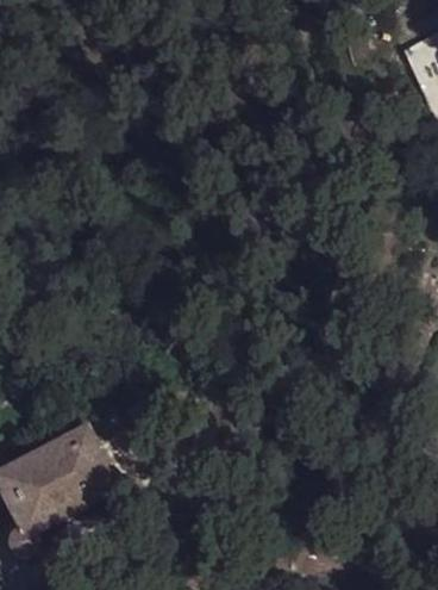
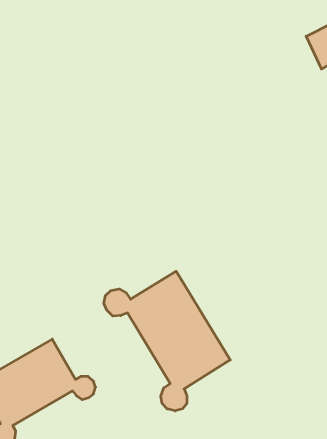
building: none -> [104,271,230,411]

